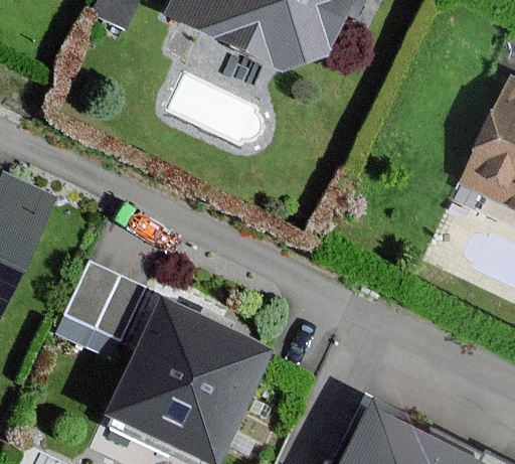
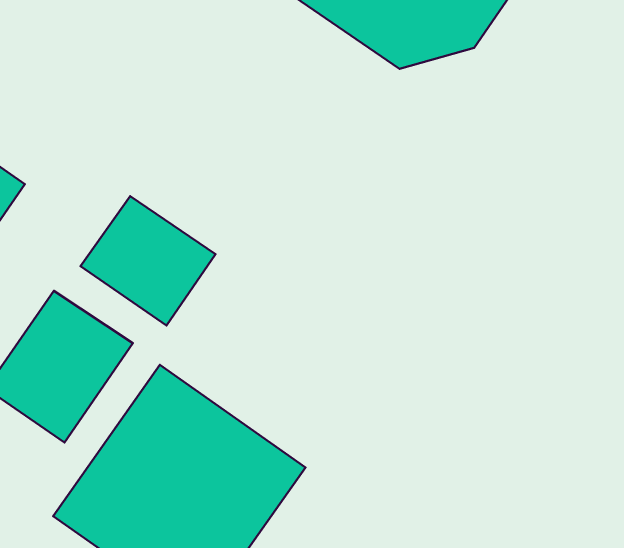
building: none -> [80,196,216,325]

